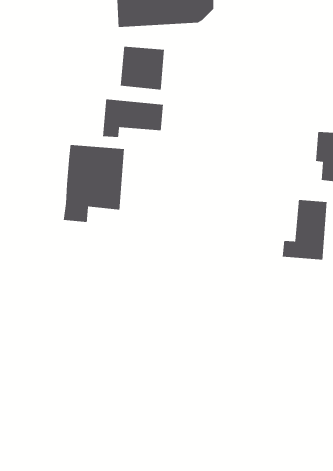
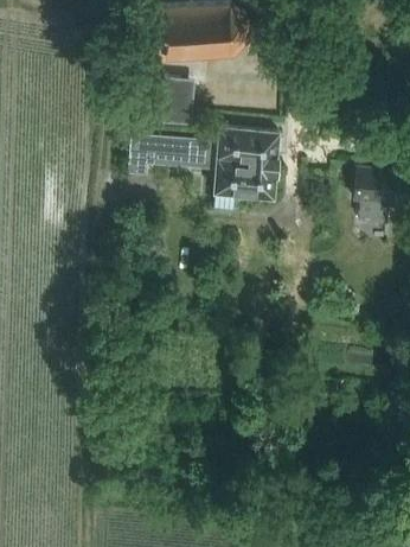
building: [63,144,125,223] -> [214,128,280,211]
building: [282,199,327,260] -> none

